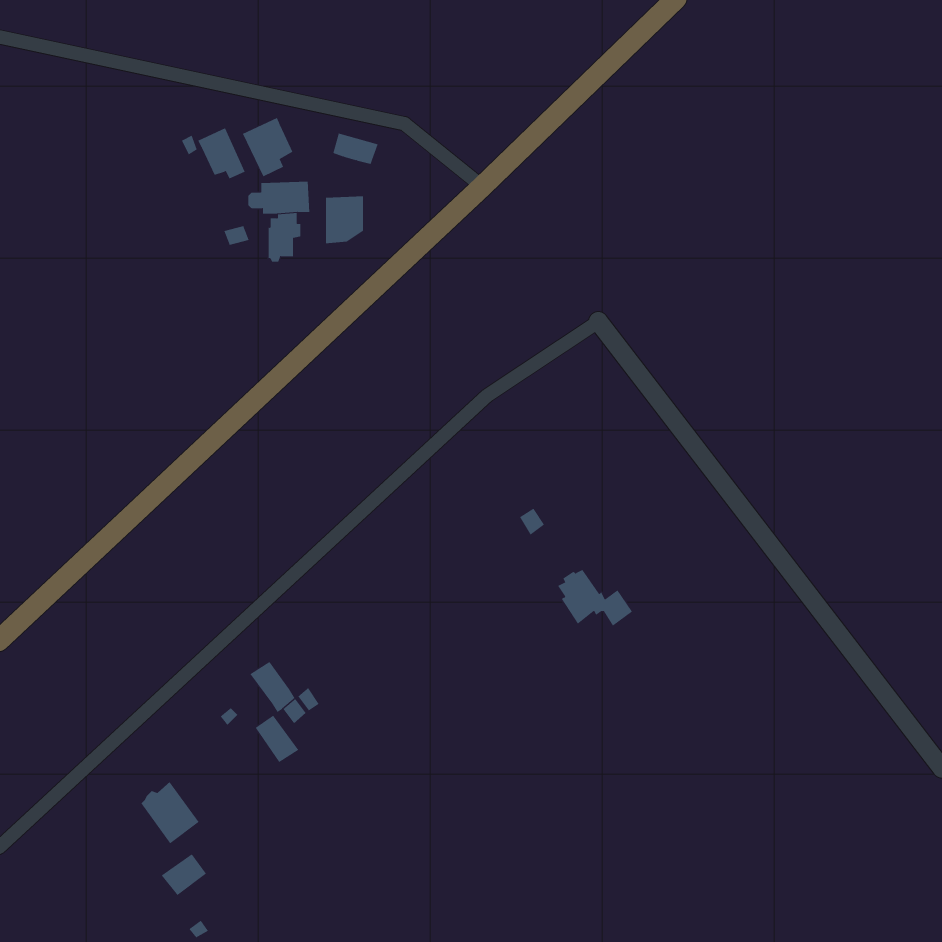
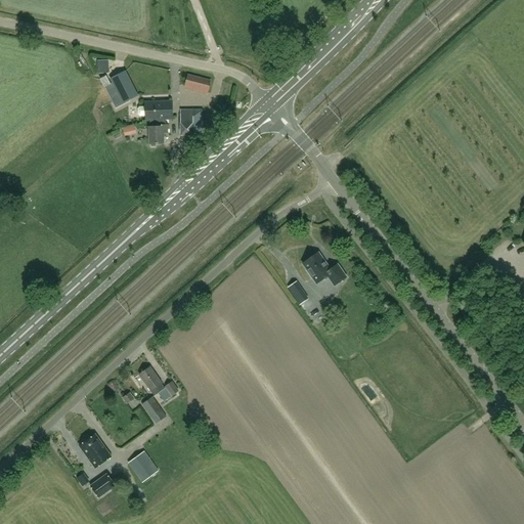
building: [242,117,293,177] -> none
building: [557,569,633,626] -> [303,253,345,285]
building: none -> [127,450,158,482]

